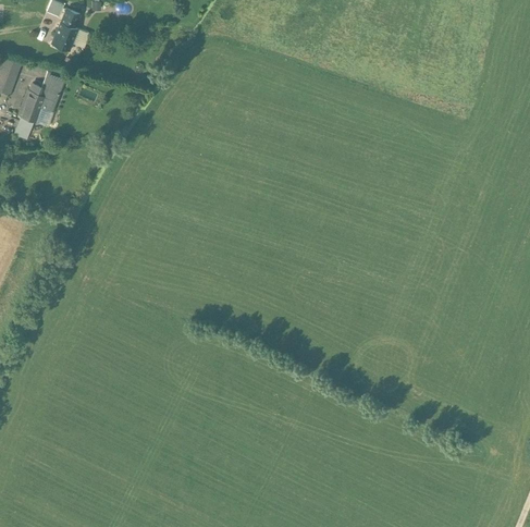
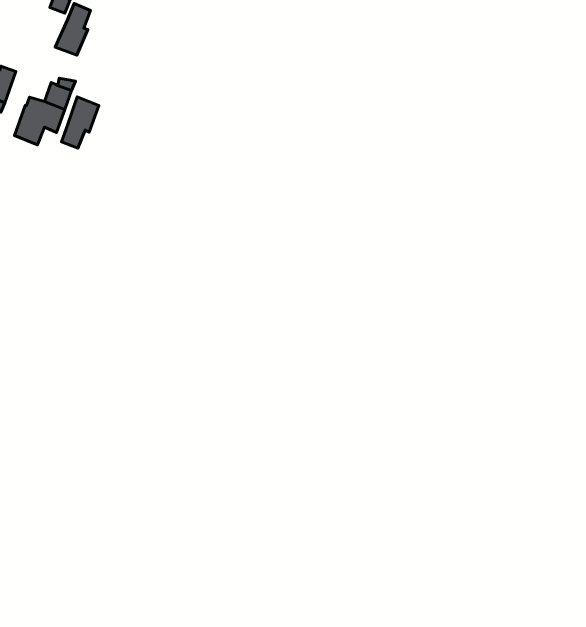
building: none -> [61,97,99,148]

